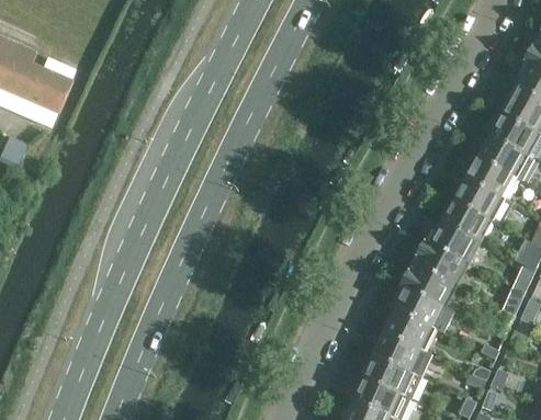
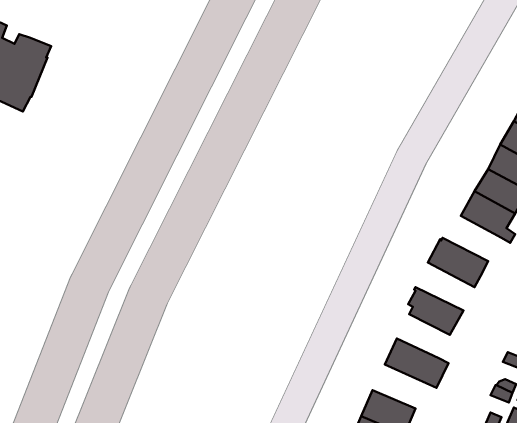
building: [426,220,478,261] -> none
building: [402,262,454,305] -> none
building: [385,308,432,348] -> none
building: [363,353,420,396] -> none

